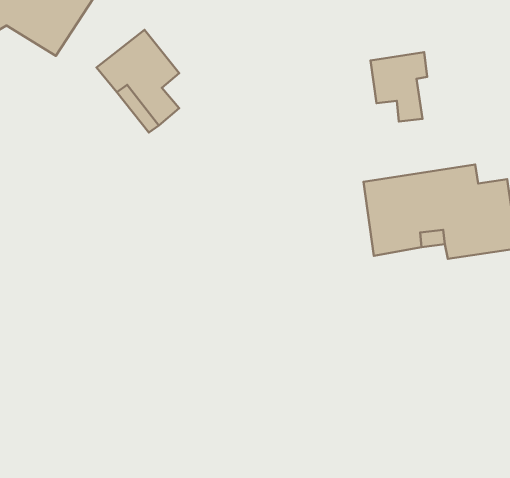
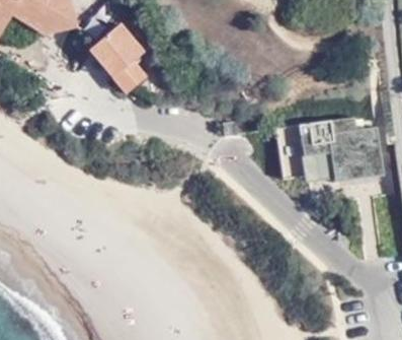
building: [370,52,427,121] -> none

